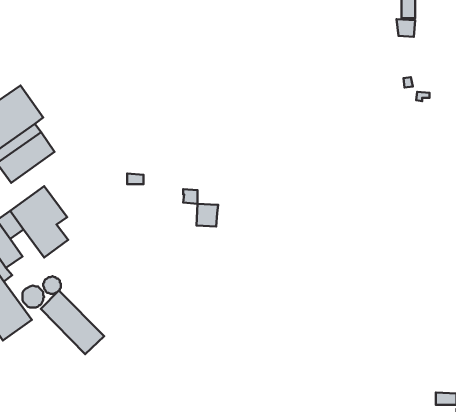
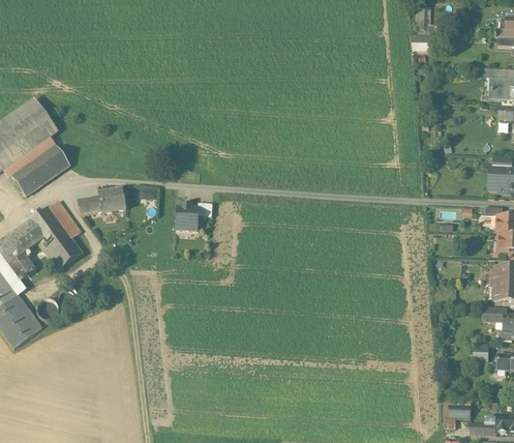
building: none -> [78,189,126,214]
building: [196,204,218,227] -> [177,206,199,229]
building: [41,291,104,354] -> none

